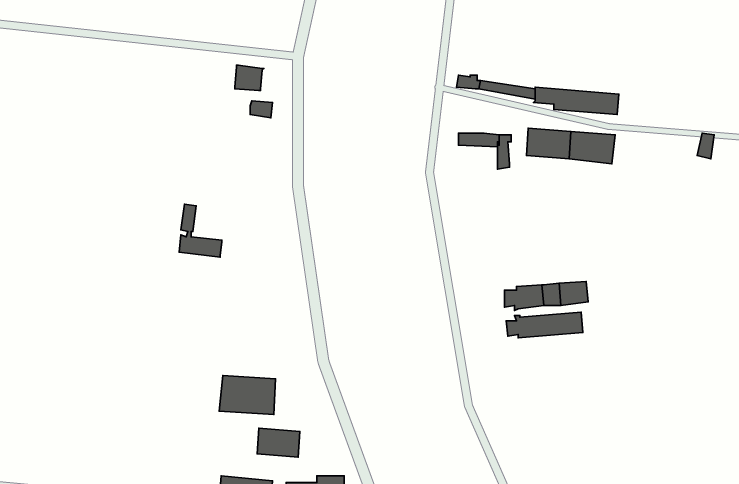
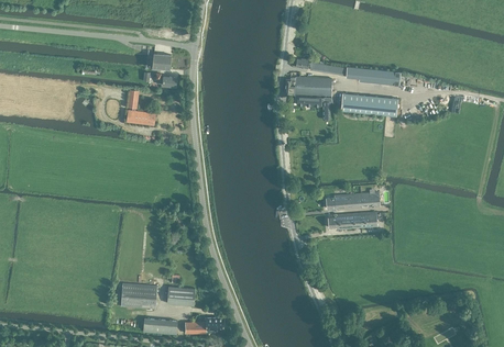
building: none -> [285,76,331,94]
building: [179,204,222,257] -> [127,89,154,123]
building: [219,375,276,415] -> [120,282,156,307]

